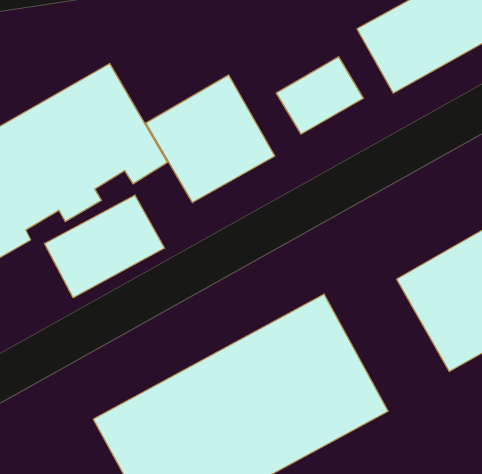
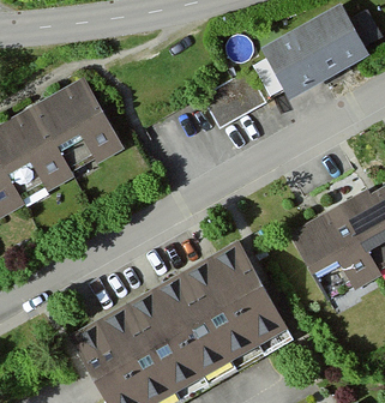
building: [146,75,275,203] -> none
building: [44,195,165,298] -> none

